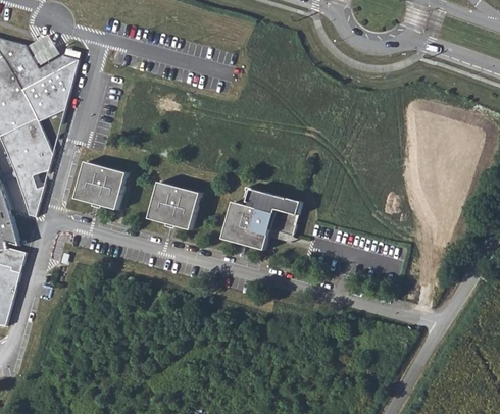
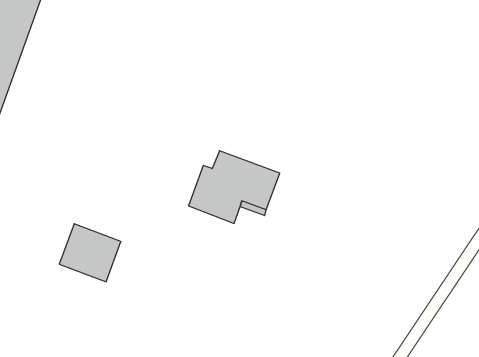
building: [76,161,126,208] -> none
building: [146,180,199,229] -> [59,224,121,282]

